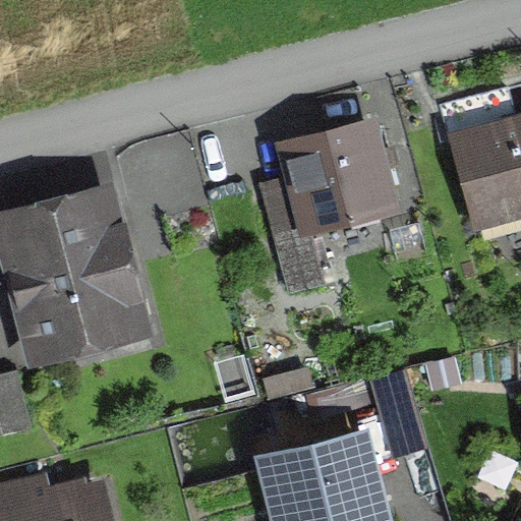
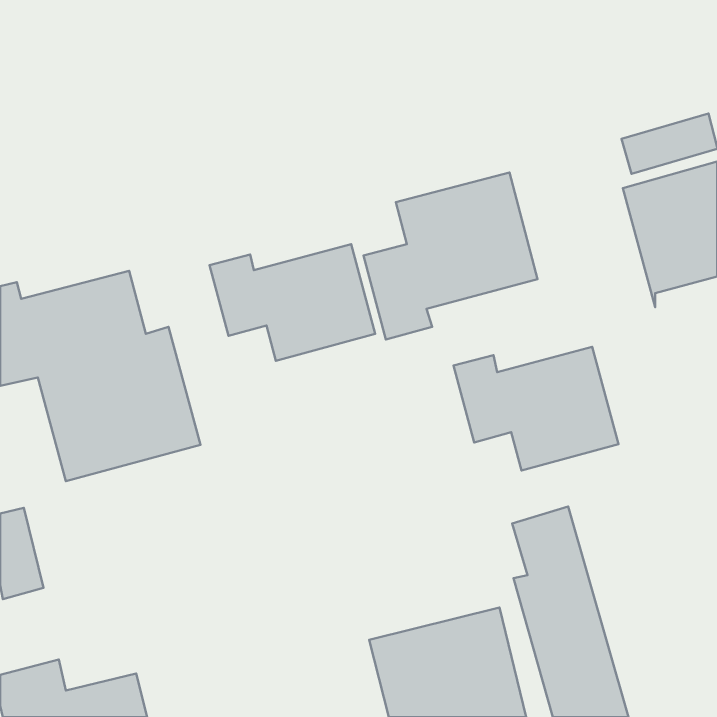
building: none -> [209,244,375,361]
building: none -> [454,347,618,471]

